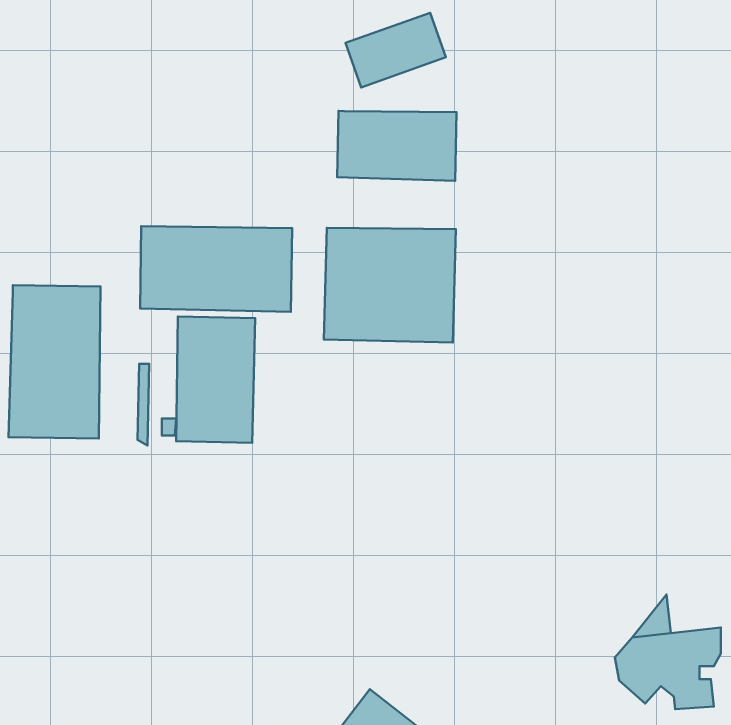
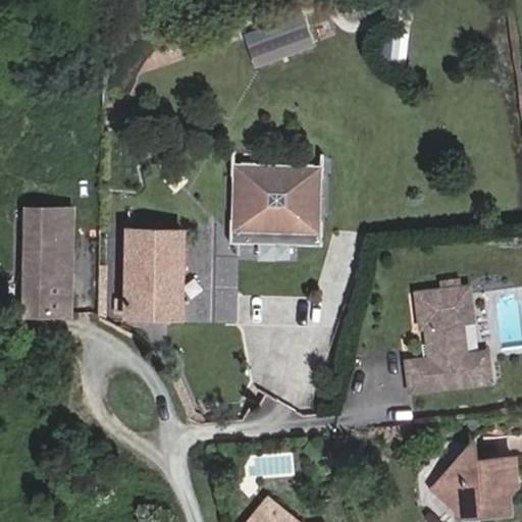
building: [337,111,457,181] -> none
building: [140,226,292,312] -> none
building: none -> [409,276,492,380]

